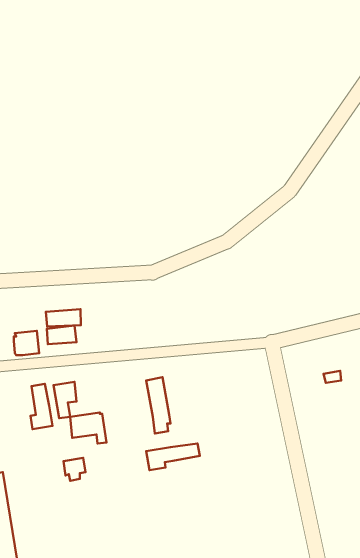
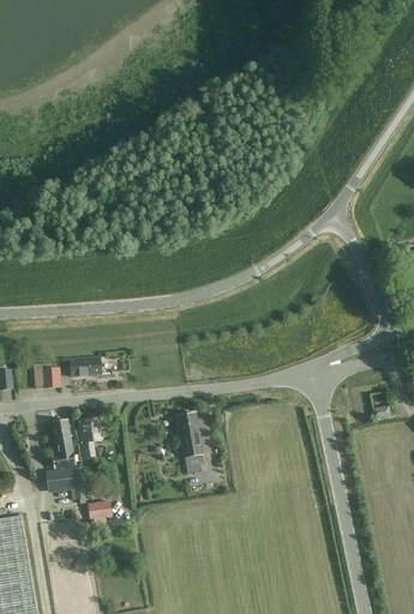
building: [46,309,81,327] -> none
building: [70,413,106,443] -> [46,465,85,499]
building: [146,443,200,470] -> none

